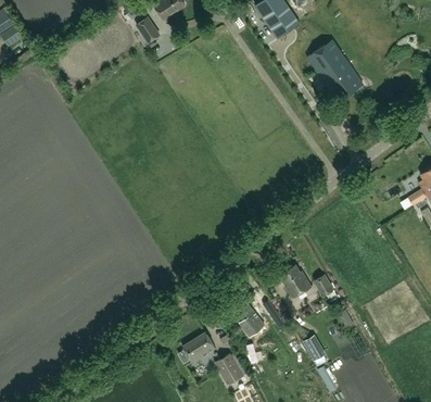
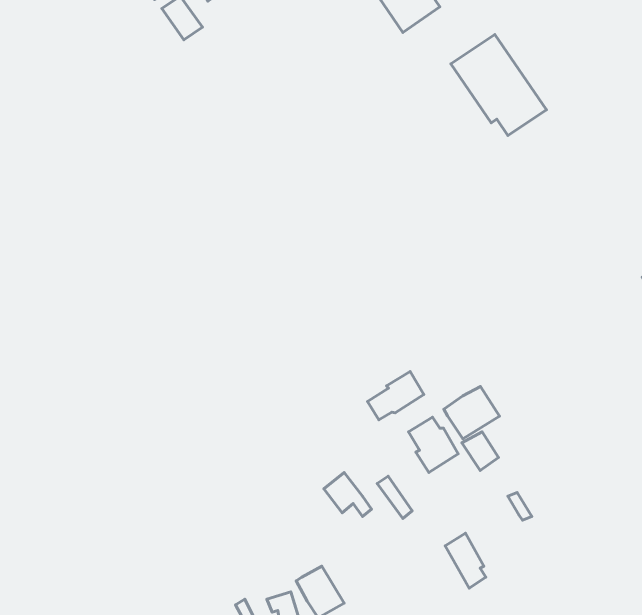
building: none -> [367,372,424,420]
building: none -> [444,386,500,439]
building: [182,334,216,364] -> none

